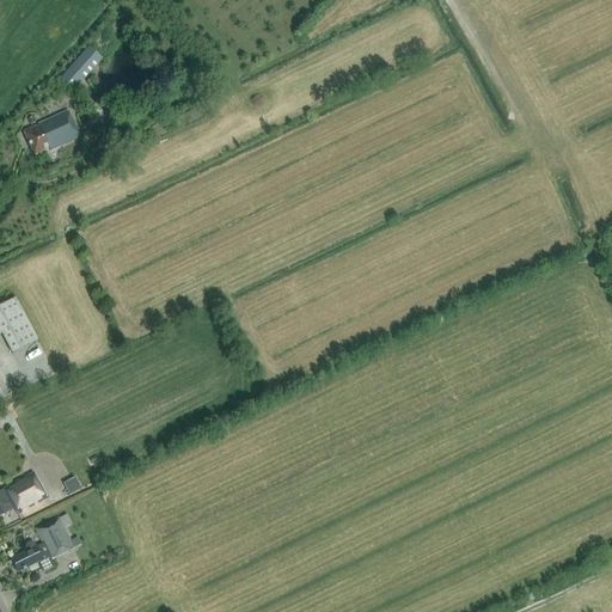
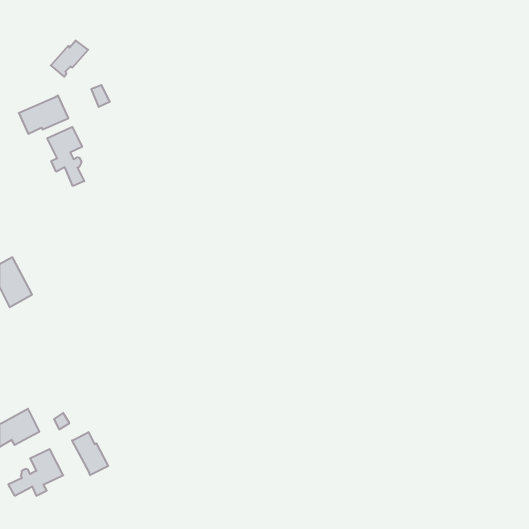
building: none -> [47,127,84,186]
building: none -> [72,432,108,475]

